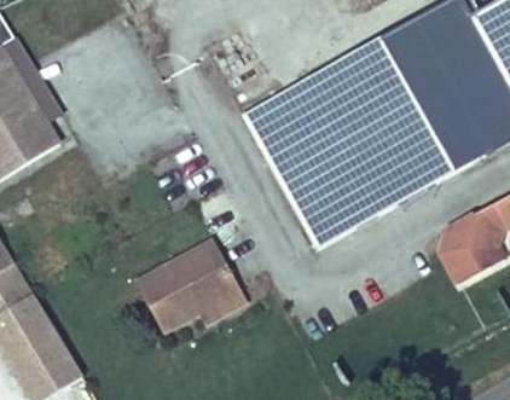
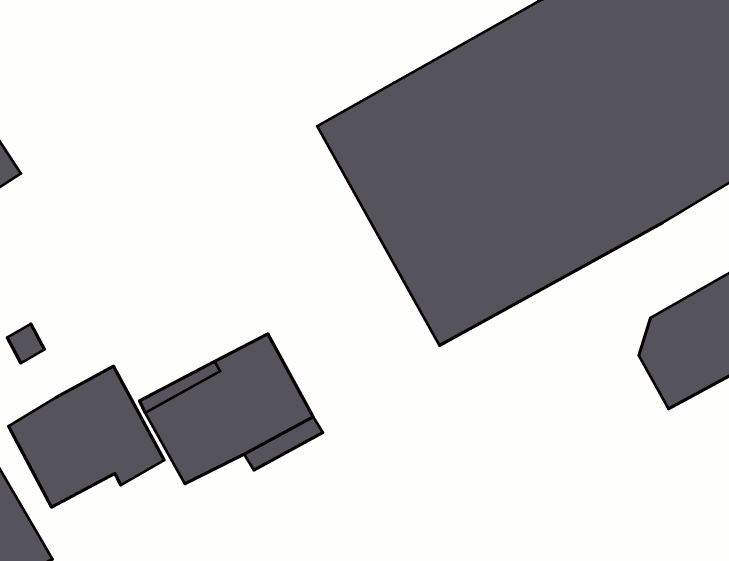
building: none -> [8,366,164,507]

